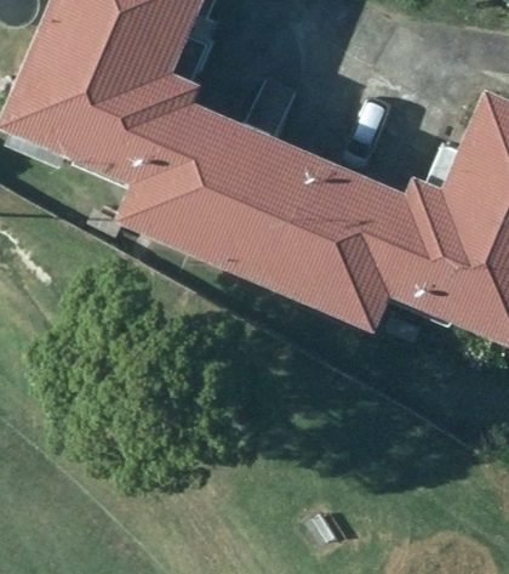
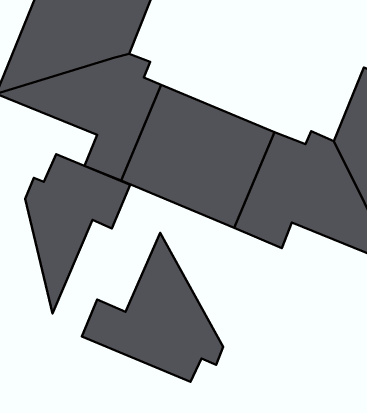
building: none -> [25,154,130,313]
building: none -> [82,233,223,382]

